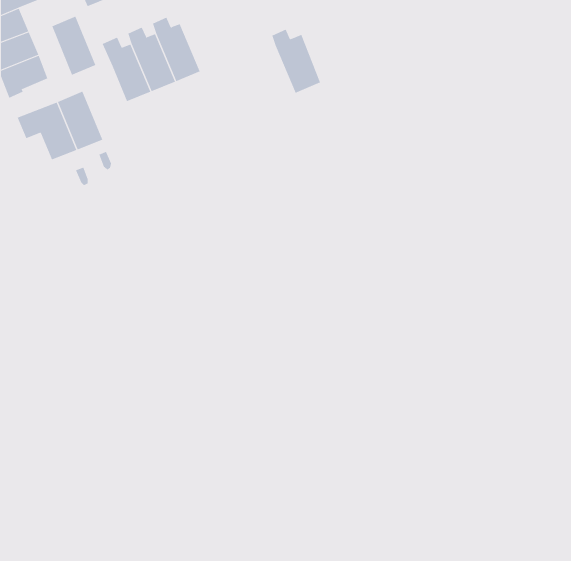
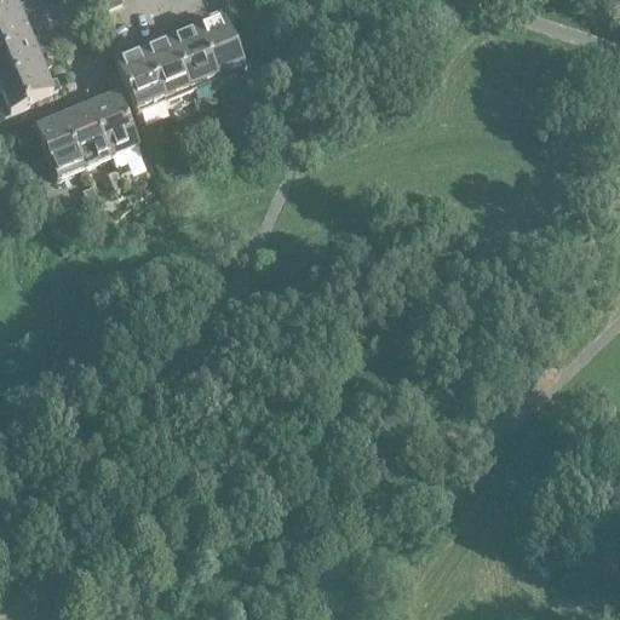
building: [51,16,96,75] -> [91,87,139,151]
building: [272,29,321,94] -> [193,7,246,78]

